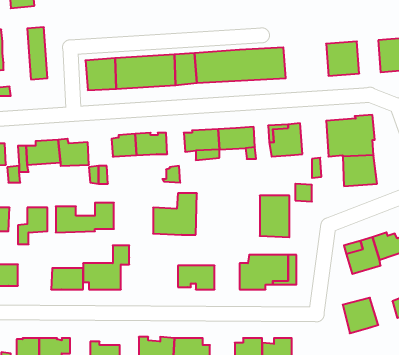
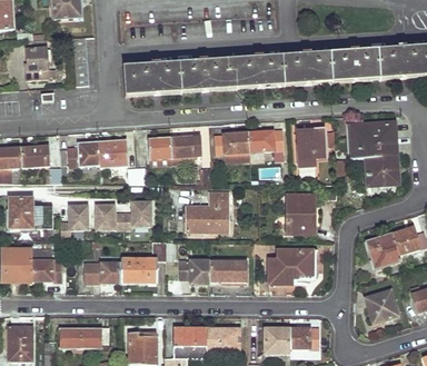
building: none -> [378,49,400,80]
building: none -> [309,52,351,85]
building: none -> [179,259,210,283]

